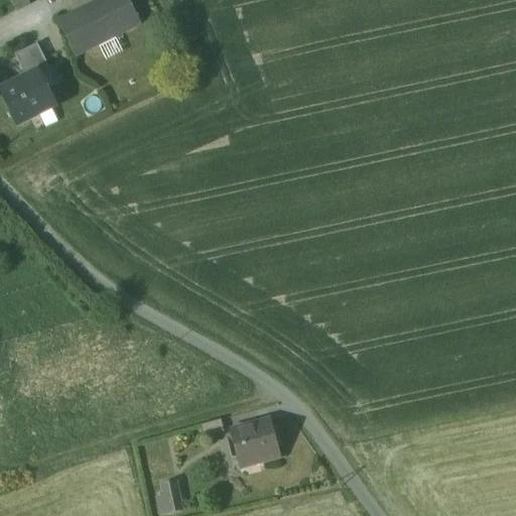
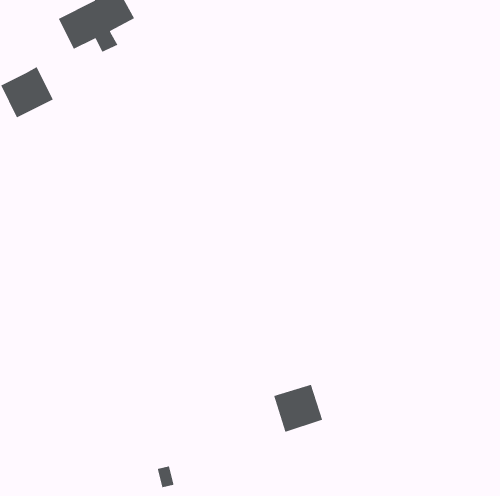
building: [14,40,48,75] -> none
building: [229,417,280,468] -> [273,384,323,433]

